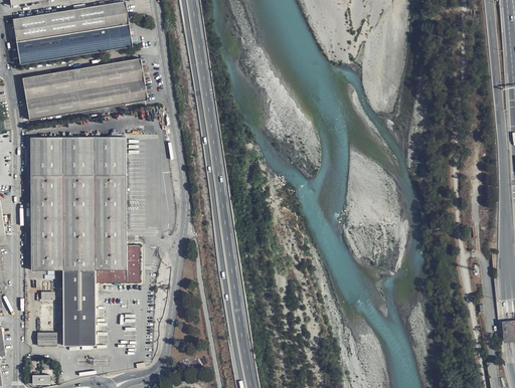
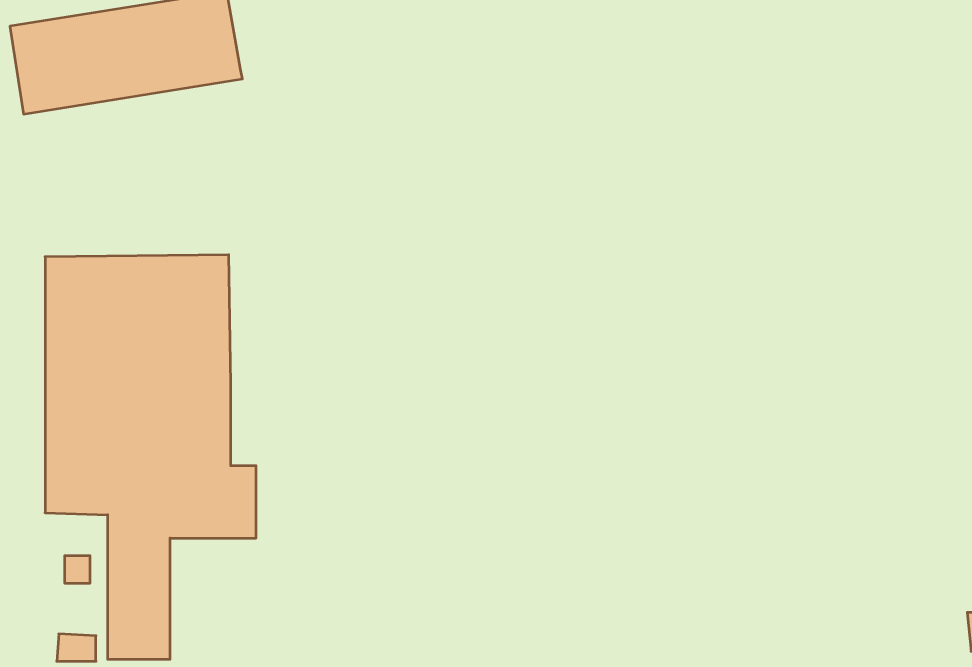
building: [22,57,146,119] -> none

